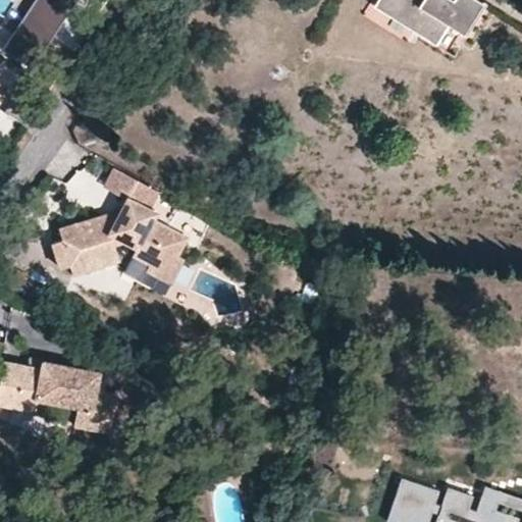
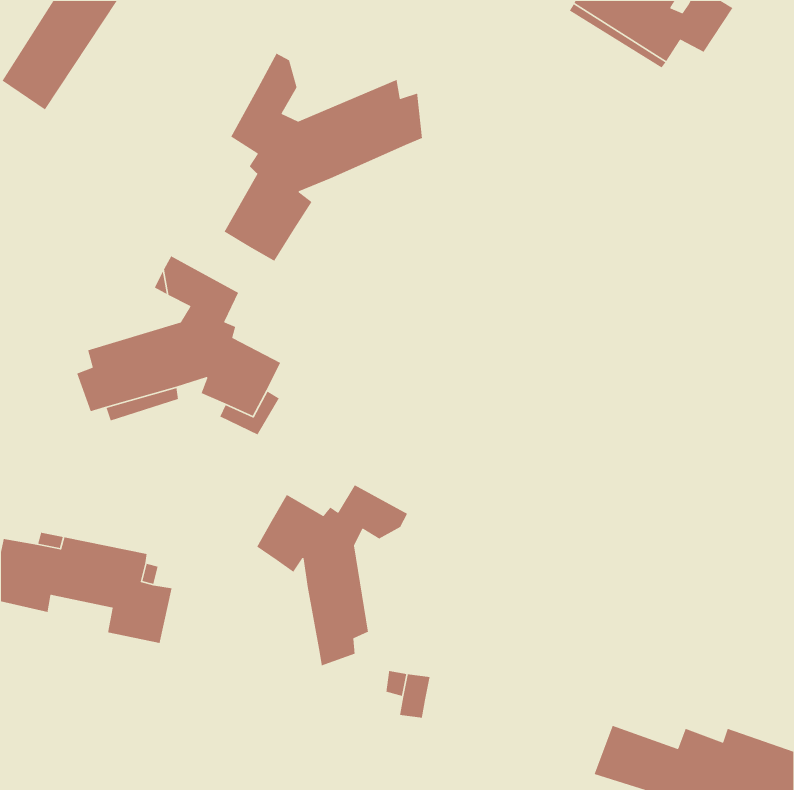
building: none -> [224,53,423,262]
building: none -> [256,484,408,667]

